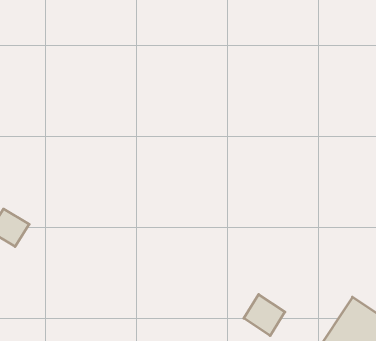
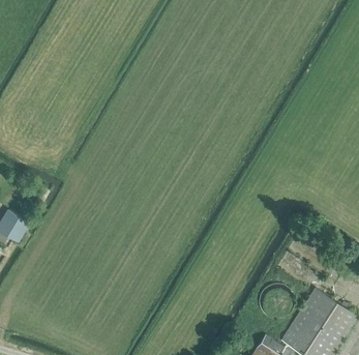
building: [244,294,285,336] -> none

